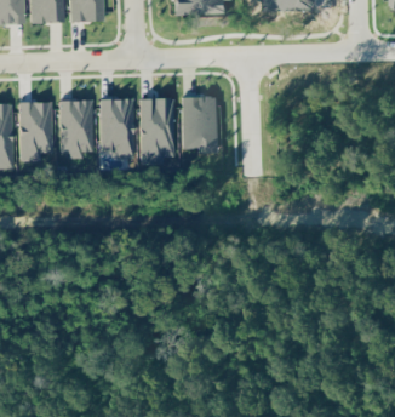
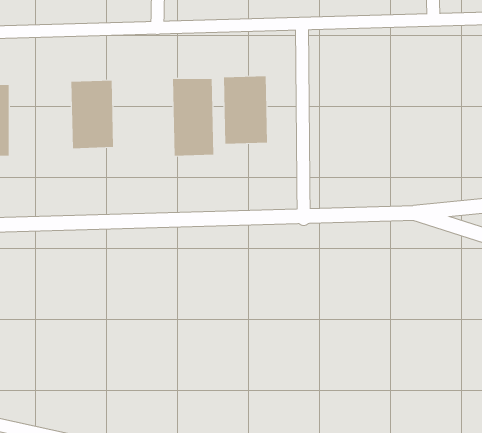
building: [99,98,136,156] -> none
building: [18,102,52,161] -> none

